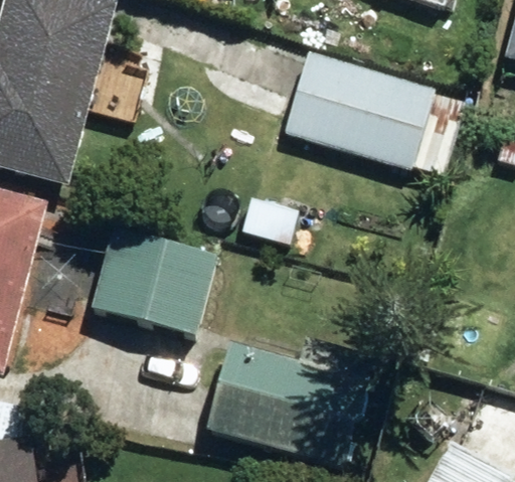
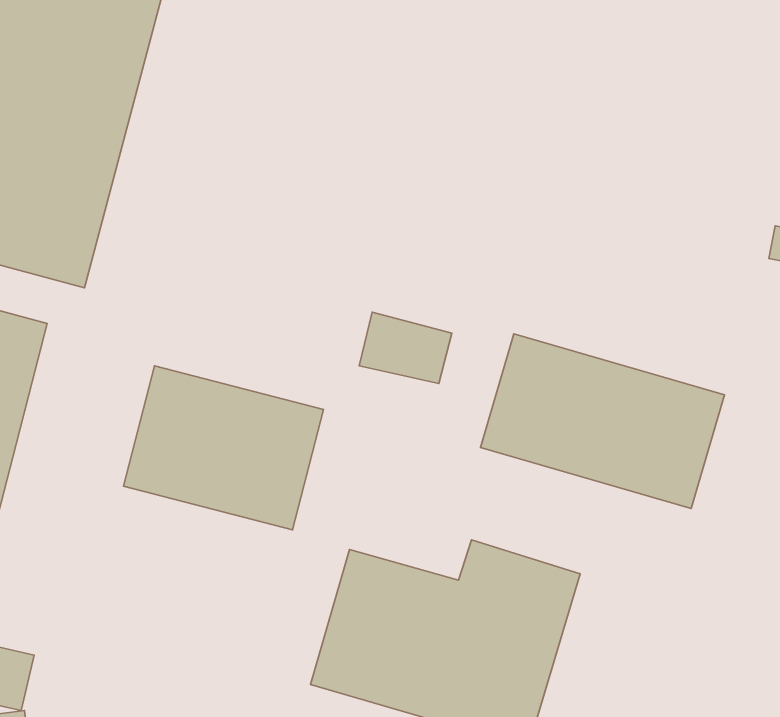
building: [282,52,463,177] -> none
building: none -> [481,334,724,508]

